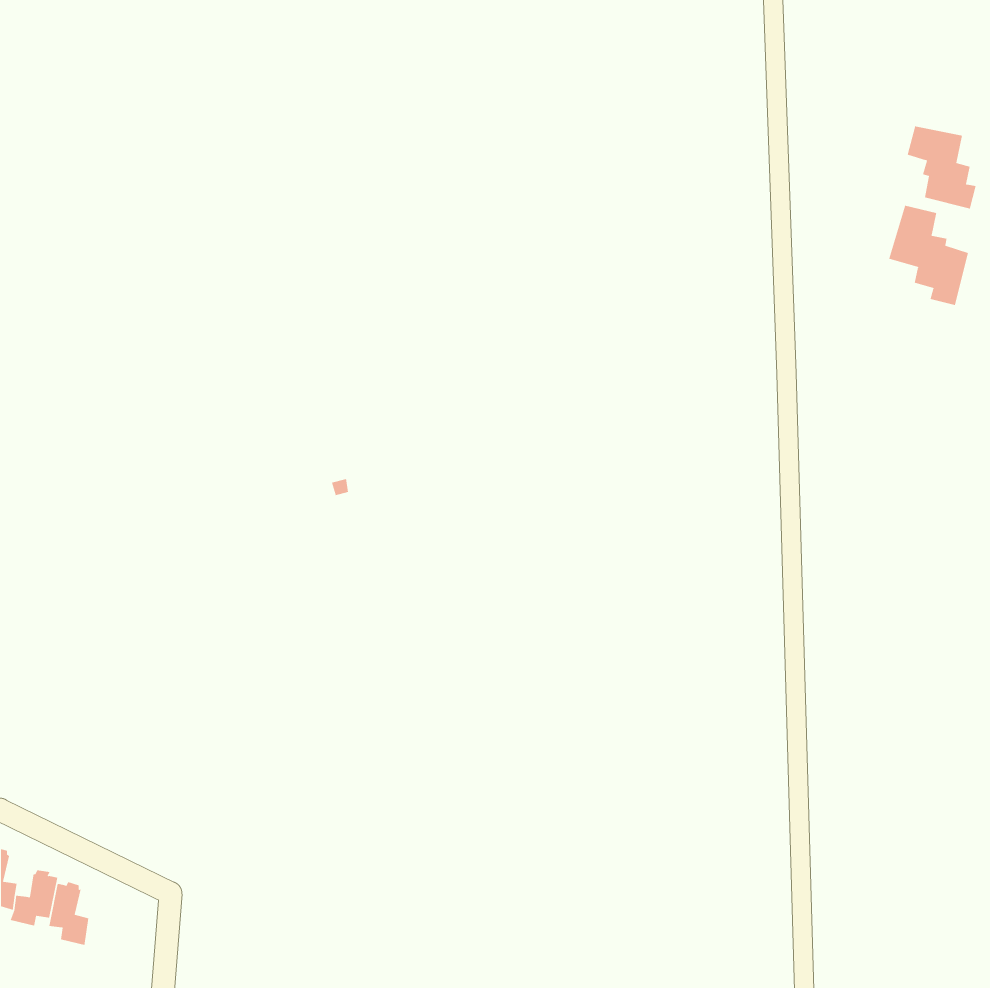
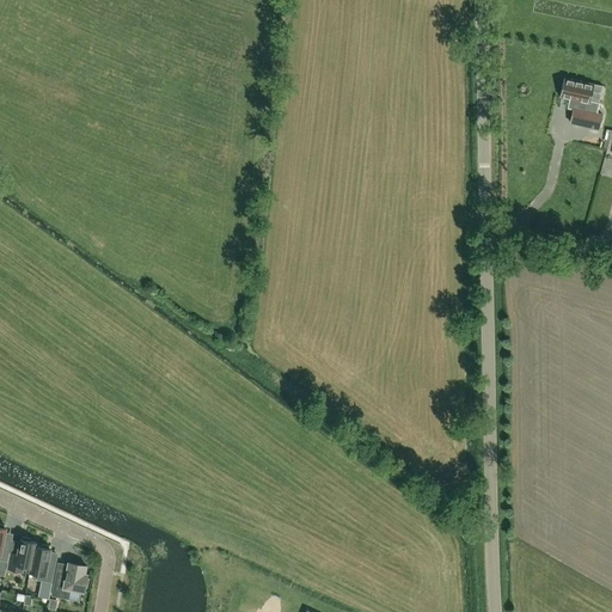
building: [889,205,968,306] -> none
building: none -> [51,563,92,600]

